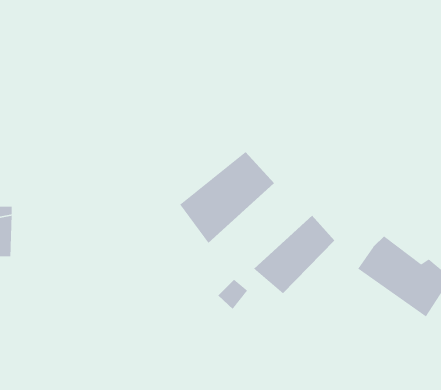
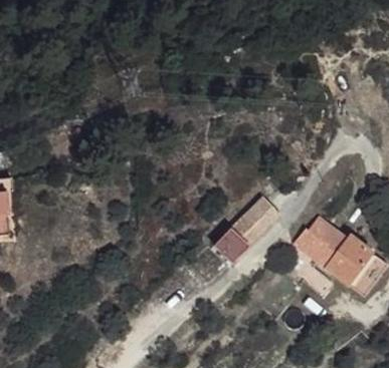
building: [179,151,275,244] -> none

